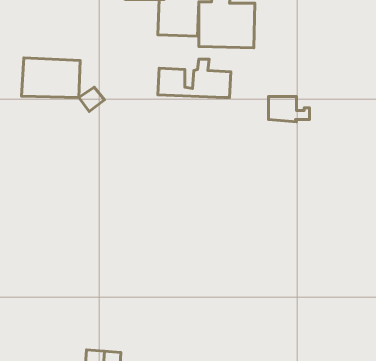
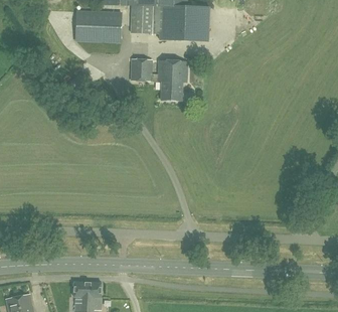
building: [21,58,80,97] -> [74,10,121,41]
building: [269,96,309,122] -> [160,82,192,102]

